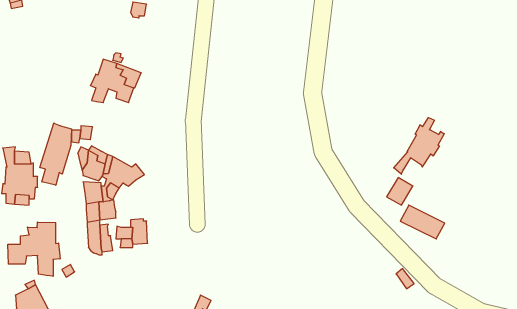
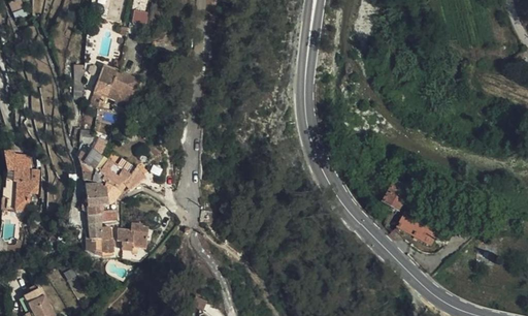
building: [394,118,444,174] -> none
building: [40,123,71,185] -> none
building: [8,222,60,276] -> none

